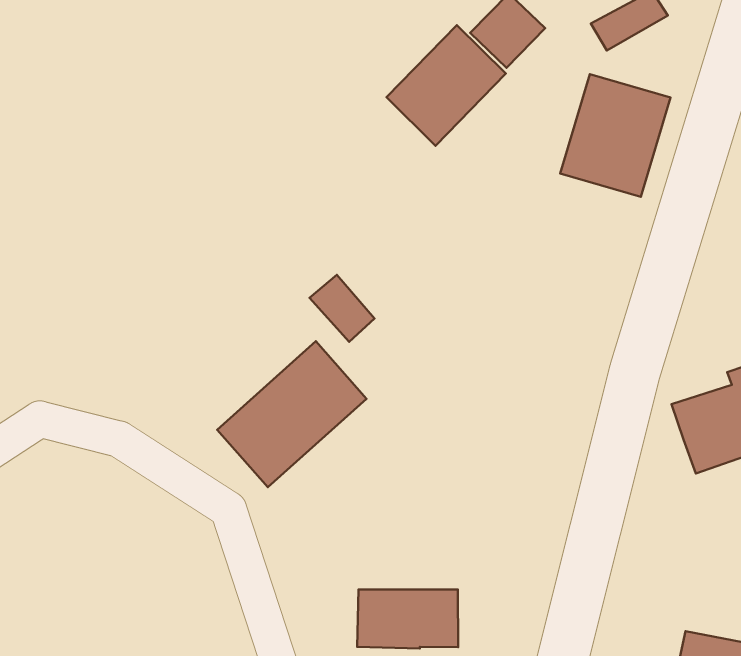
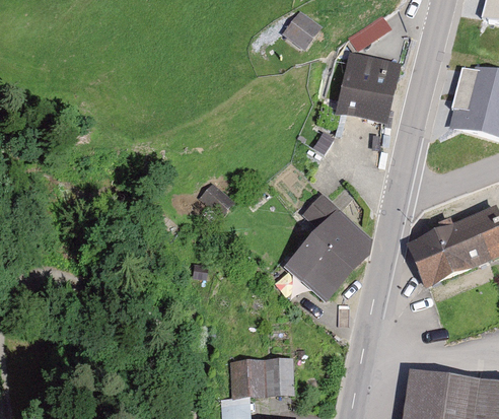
building: [387,25,506,146] -> none
building: none -> [288,197,370,296]
building: [217,341,366,487] -> none

